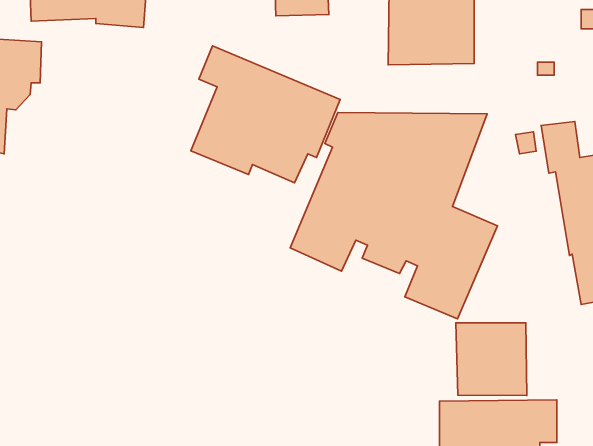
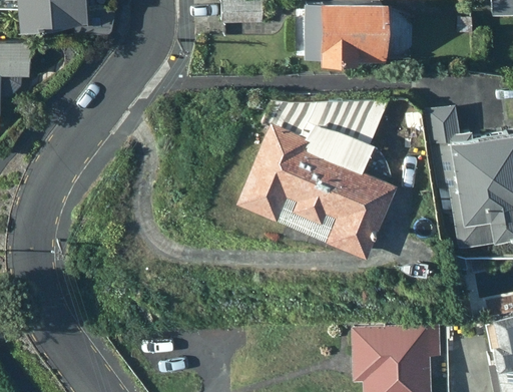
building: [191,46,340,183] -> none
building: [456,323,527,395] -> none

